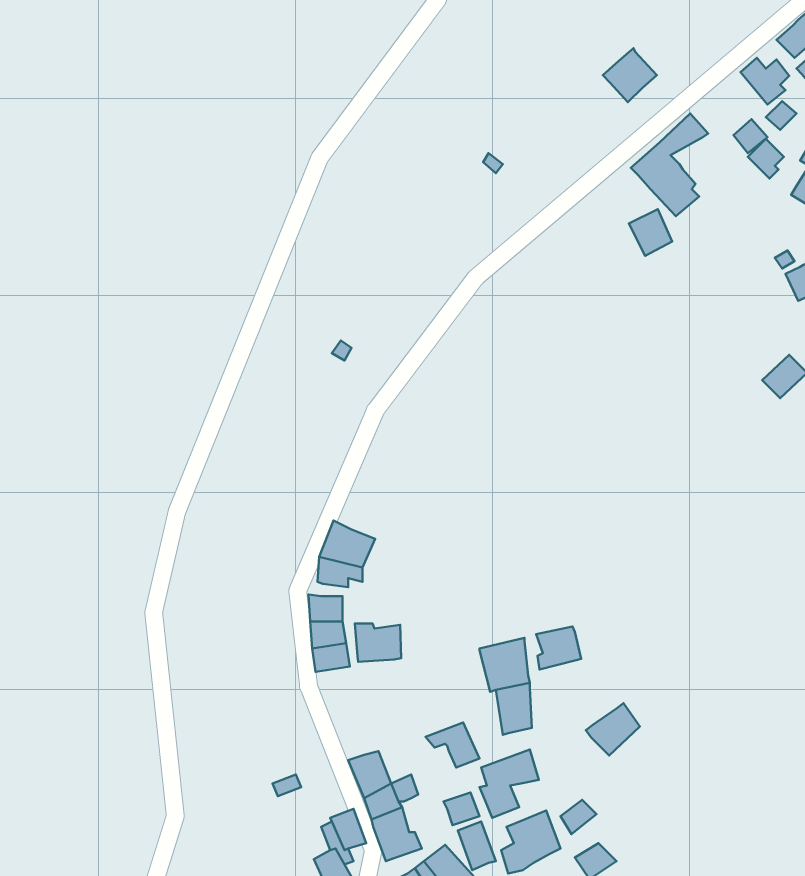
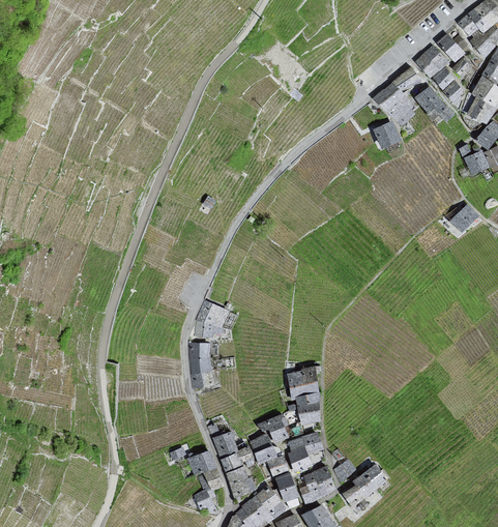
building: [603,48,657,102] -> [415,46,446,77]
building: none -> [415,86,453,122]
building: [355,624,401,662] -> none
building: [536,626,581,669] -> none
building: [586,703,640,755] -> [353,466,384,496]
building: none -> [250,434,276,463]
building: none -> [187,451,215,475]

